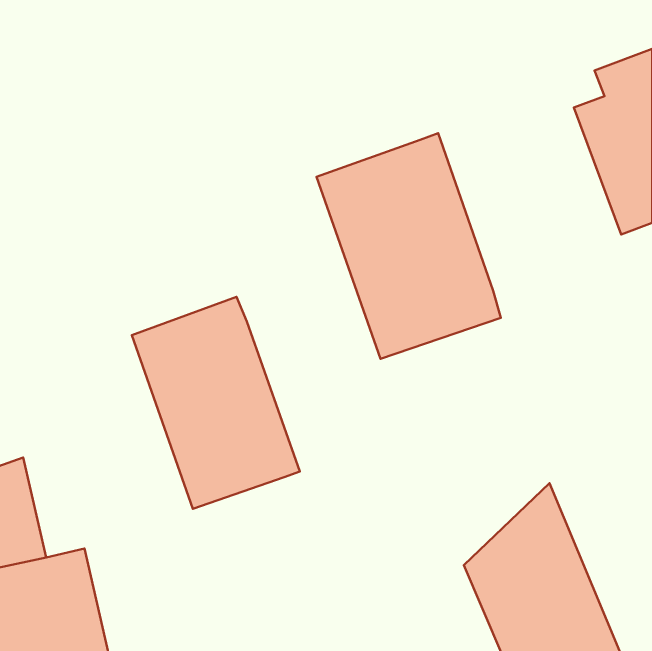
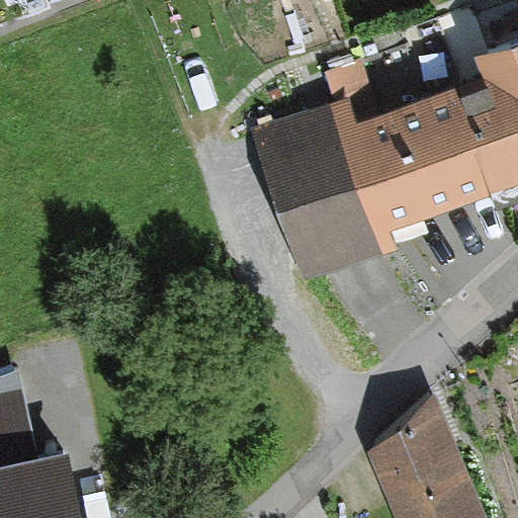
building: none -> [323,72,493,233]
building: [132,297,300,509] -> none

